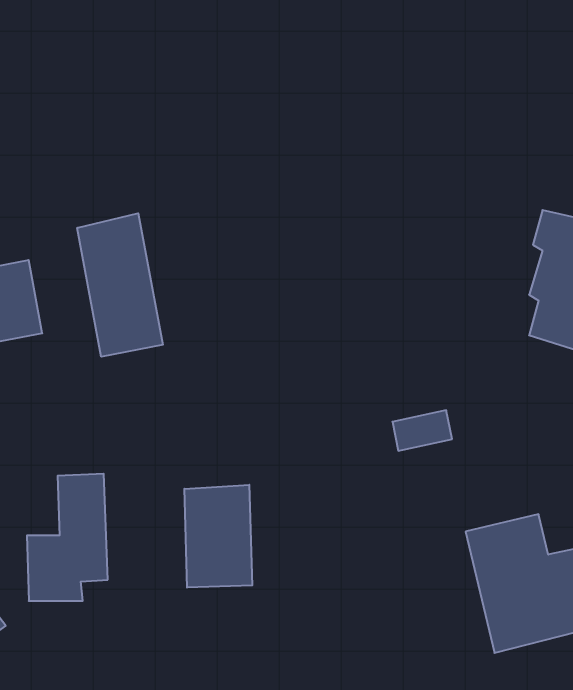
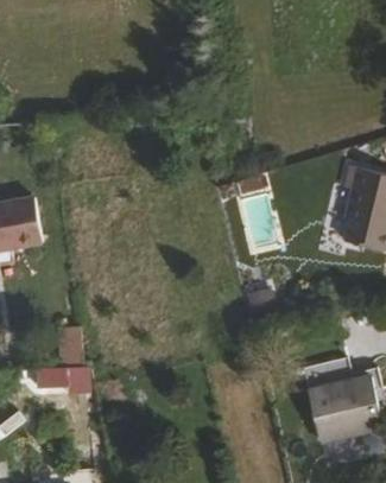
building: [77,213,163,357] -> none
building: [184,485,252,588] -> none

